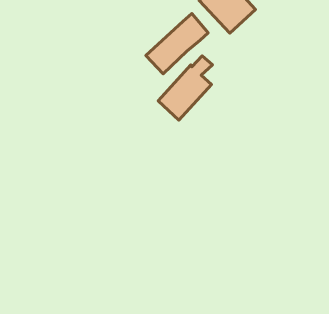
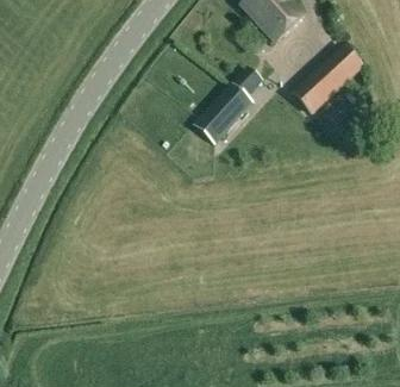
building: [146,13,208,74] -> [293,42,365,112]

